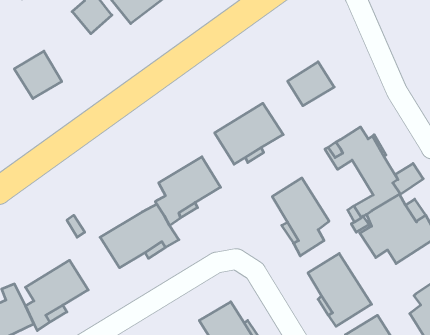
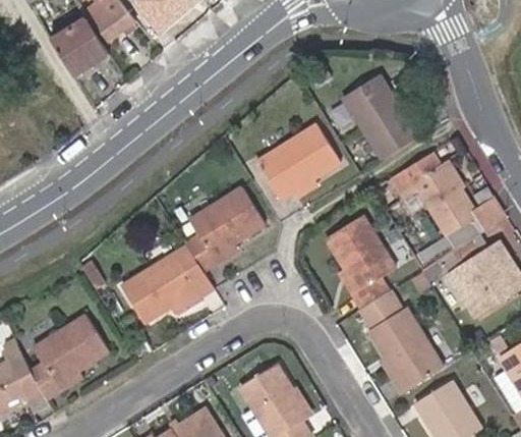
building: [14,51,62,99] -> [49,16,106,73]
building: none -> [363,106,420,159]

